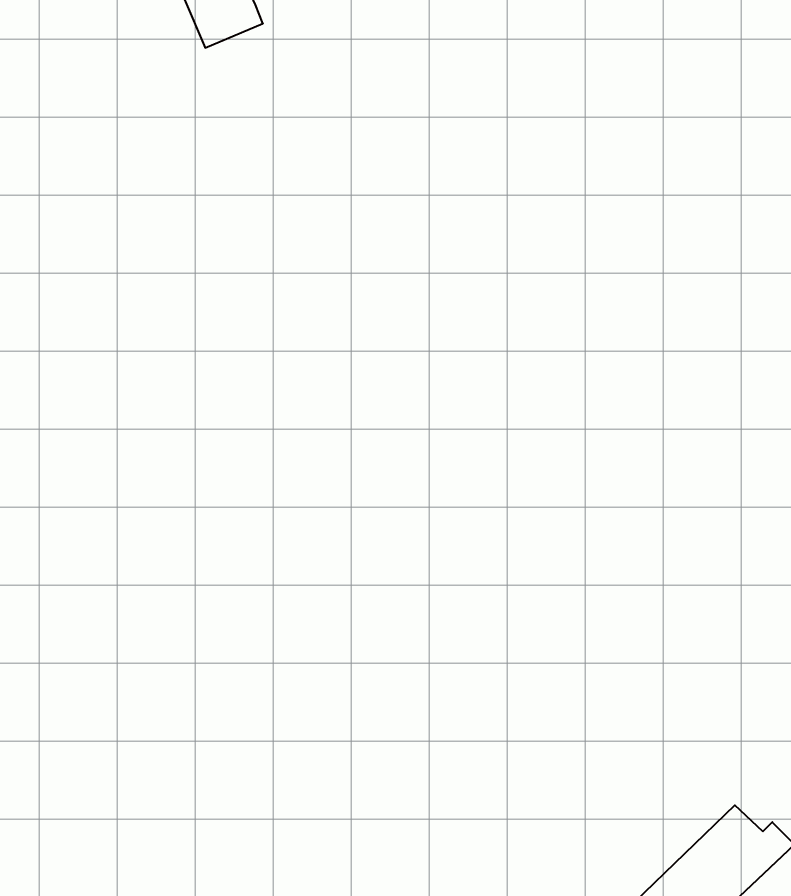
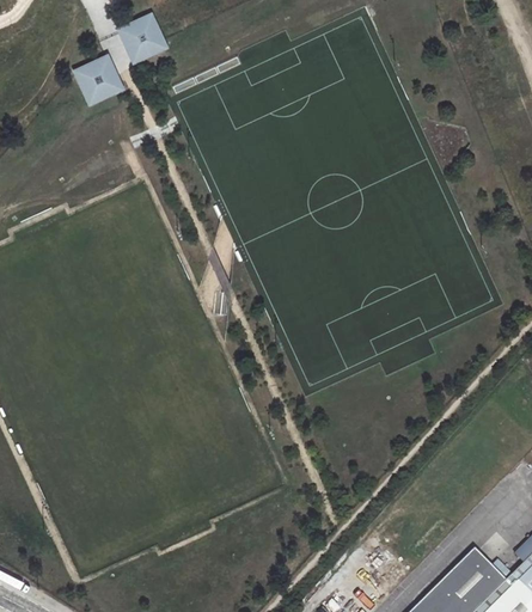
building: none -> [73,54,126,108]

